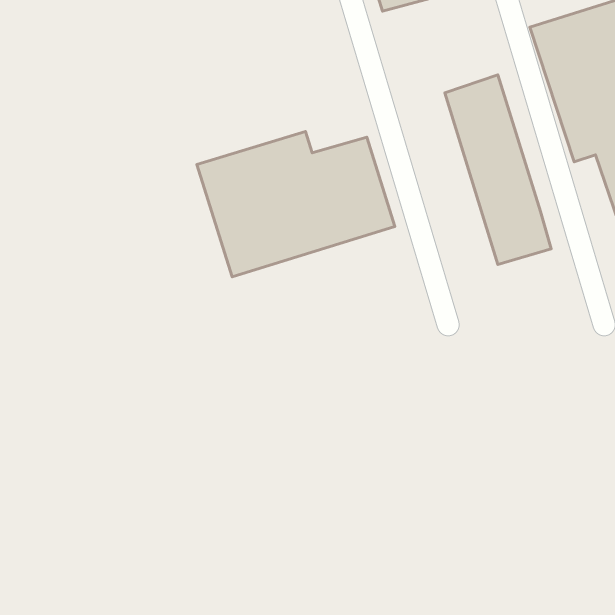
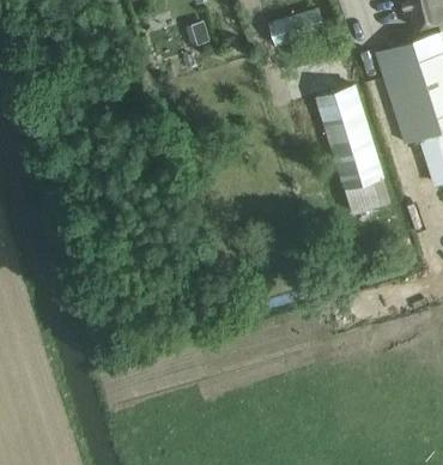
building: [197,131,395,277] -> none

